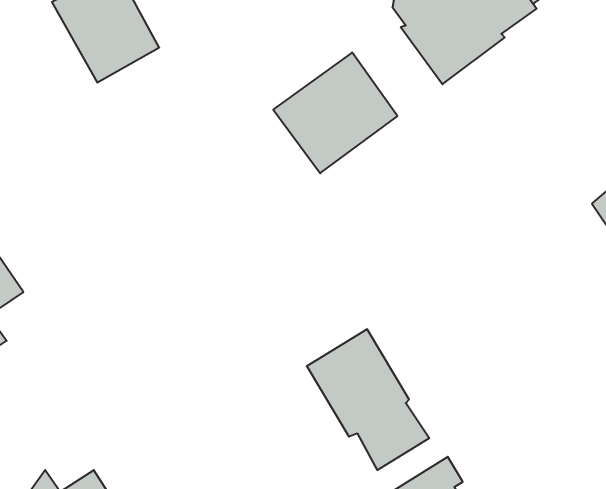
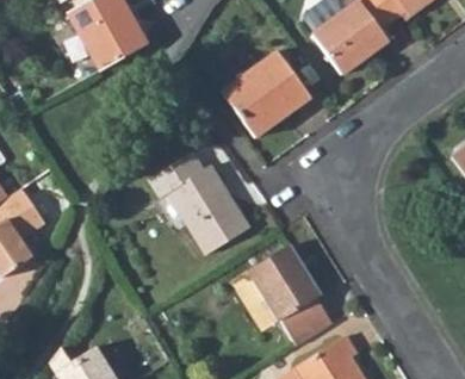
building: none -> [143,155,247,256]

